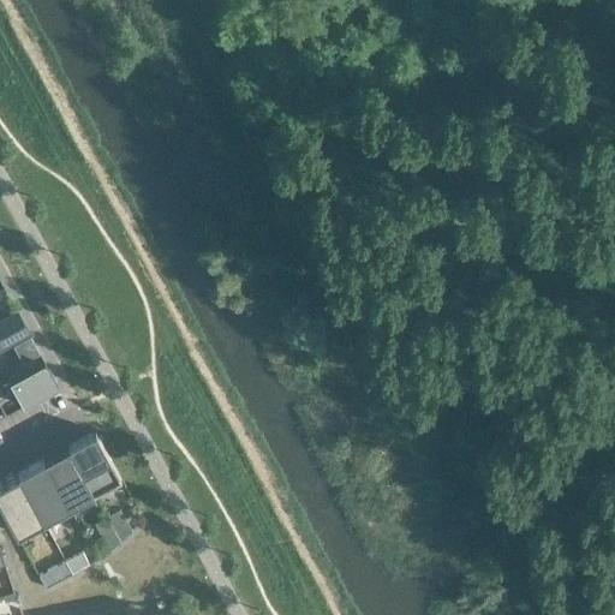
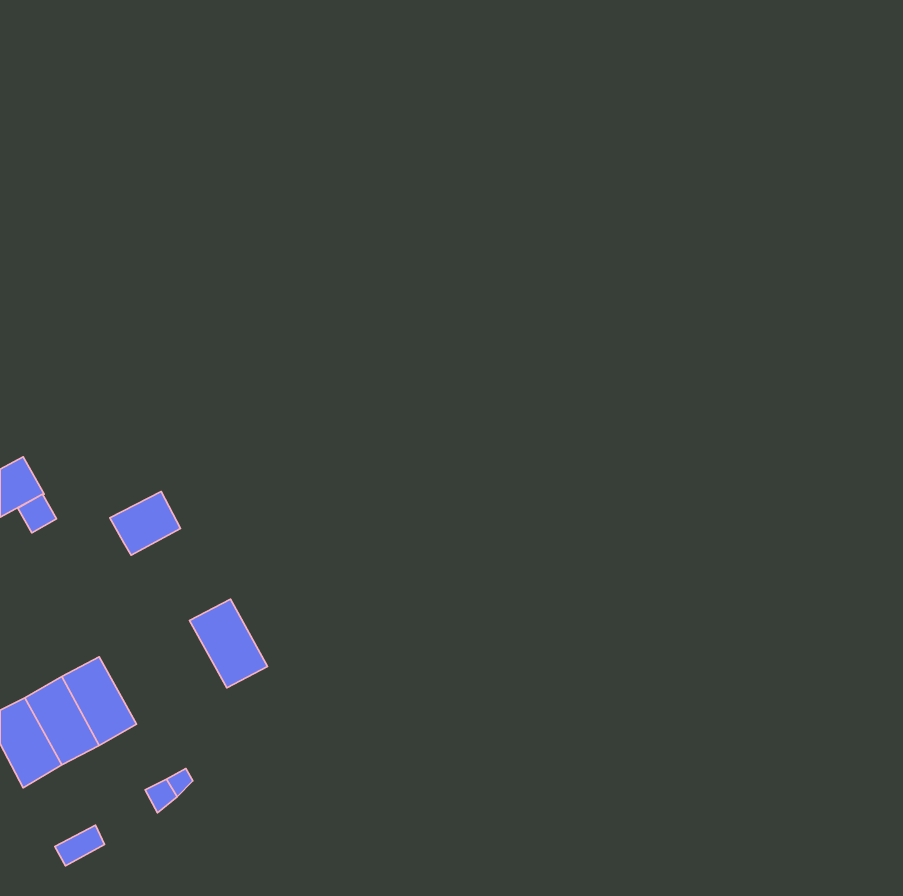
building: [10,368,58,411] -> [110,491,181,555]
building: [68,437,121,497] -> [190,599,268,688]

